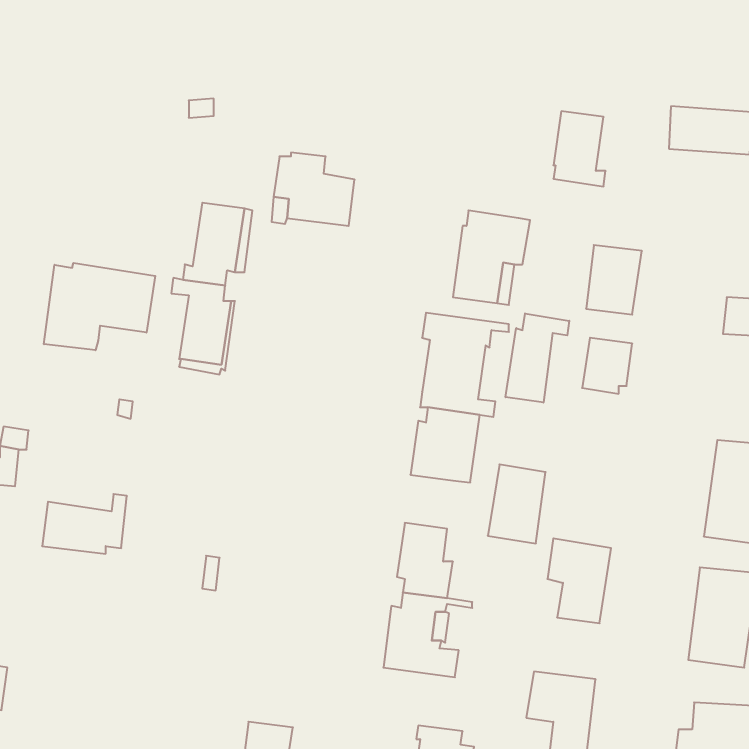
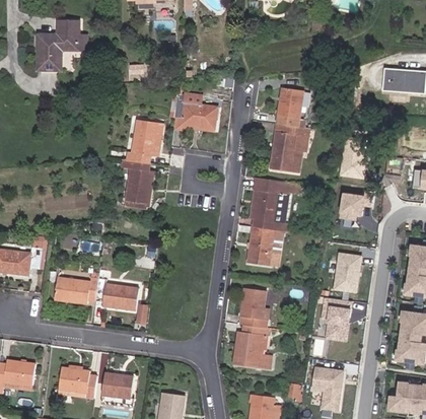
building: none -> [39,25,81,71]
building: [553,111,606,186] -> [278,88,305,128]
building: [44,263,155,350] -> none
building: [506,313,569,403] -> none
building: [488,464,546,543] -> [332,251,362,292]
building: none -> [95,269,138,310]
building: none -> [59,367,97,399]
building: none -> [102,373,134,400]

